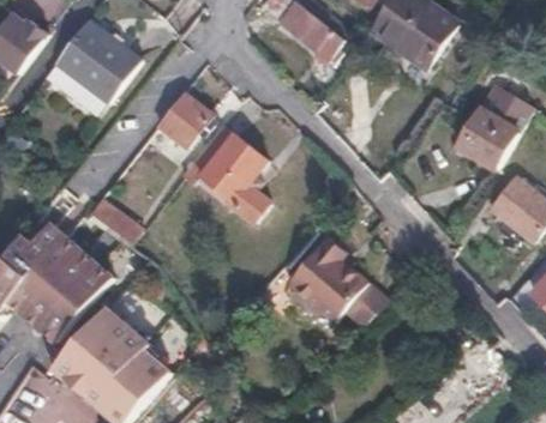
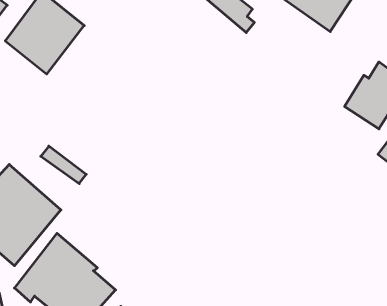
building: [158,91,210,145] -> none
building: [193,125,269,229] -> none
building: [286,236,386,326] -> none

